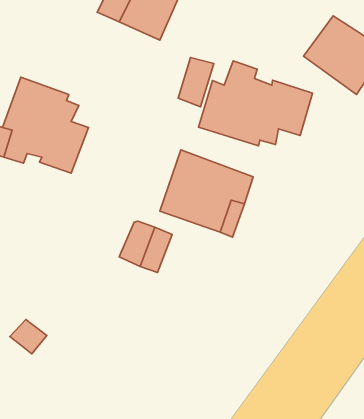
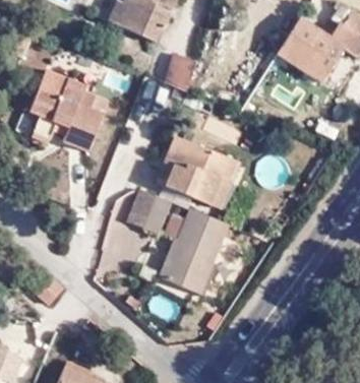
building: [198,61,312,146] -> none
building: none -> [160,206,224,290]

